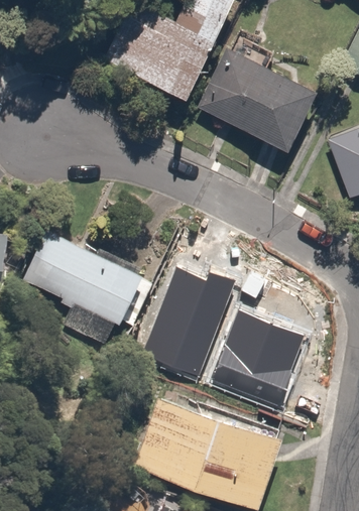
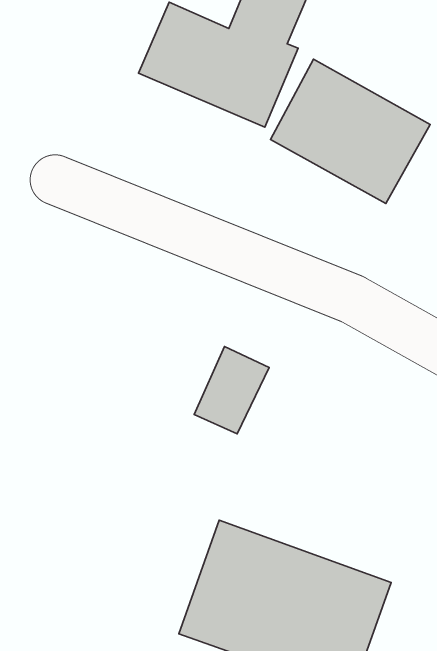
building: [19,229,142,351] -> none
building: [172,282,301,407] -> none

